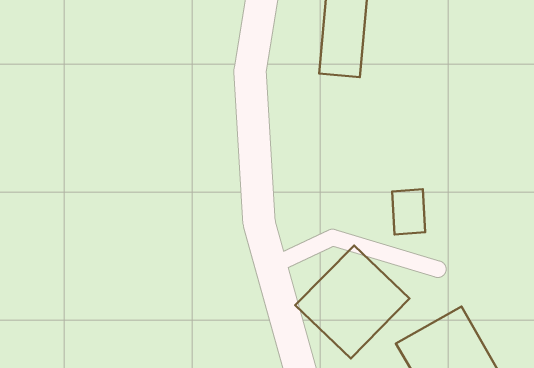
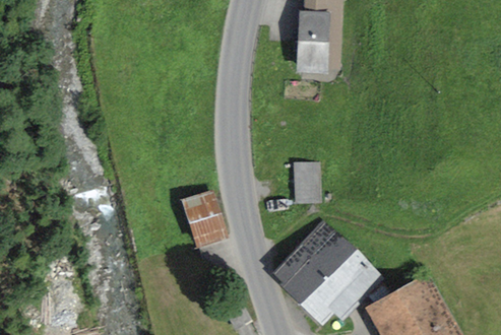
building: [392,189,425,234] -> [292,161,321,202]
building: none -> [185,189,226,239]

